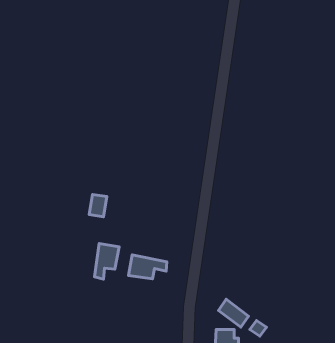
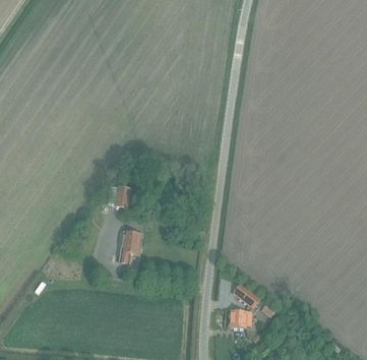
building: [129,255,167,279] -> none

